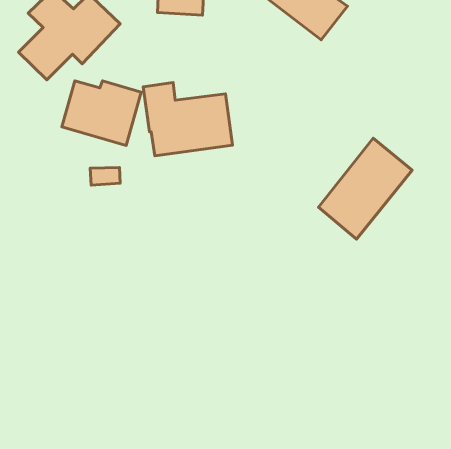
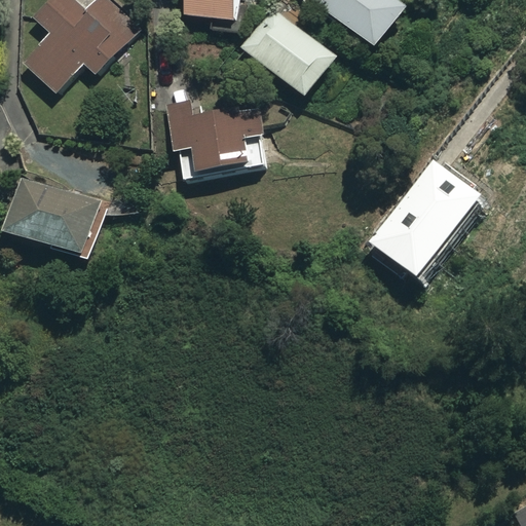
building: none -> [241,7,335,96]
building: [62,81,141,145] -> [7,179,100,254]

